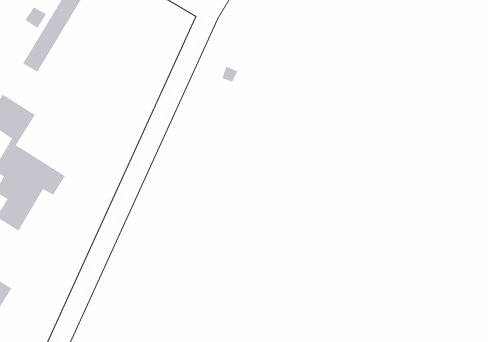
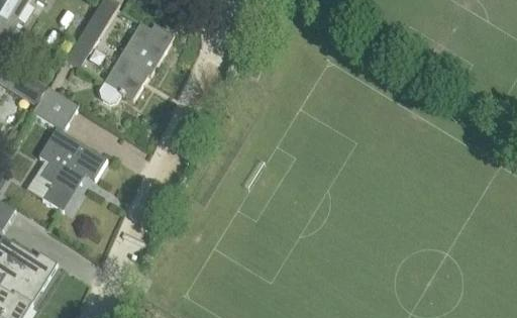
building: none -> [96,22,174,102]

